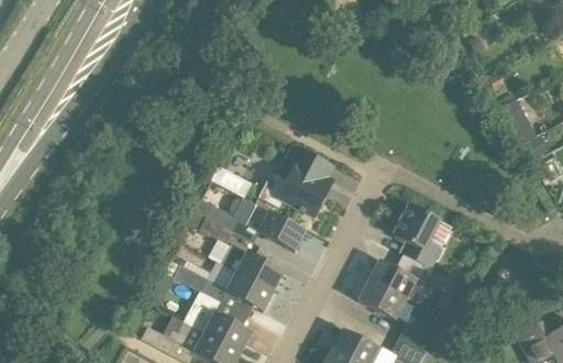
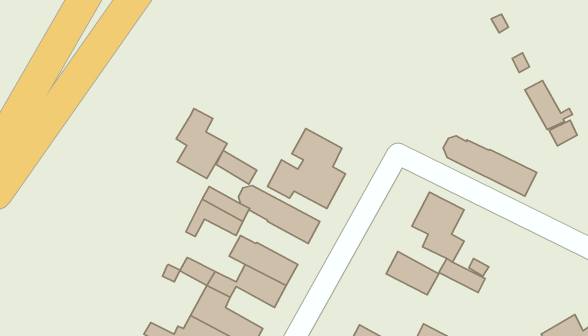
building: none -> [176,109,227,179]
building: none -> [443,136,537,196]
building: [358,280,408,321] -> none

